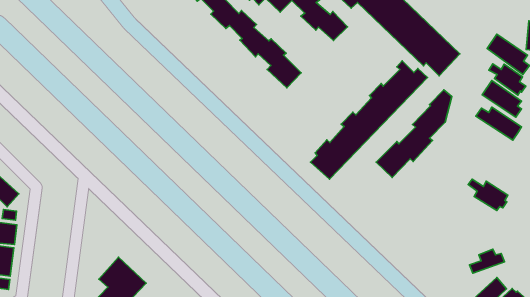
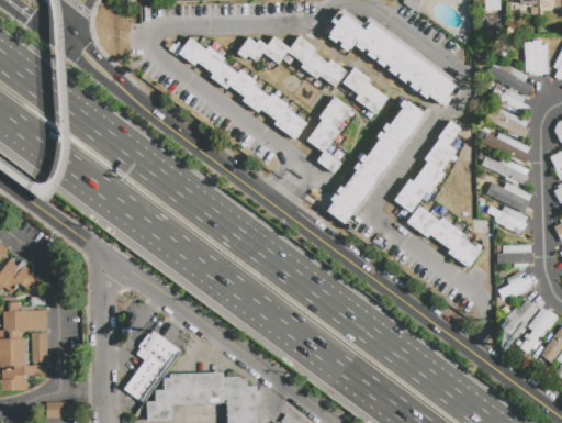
building: none -> [341,67,387,115]
building: none -> [306,97,350,172]
building: none -> [486,156,528,185]
building: none -> [485,181,531,212]
building: none -> [405,205,479,268]
building: none -> [496,244,531,264]

